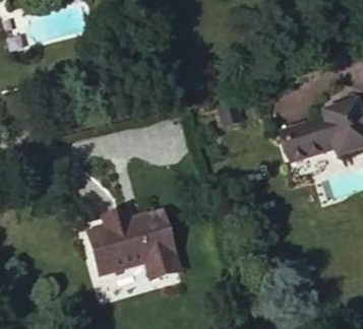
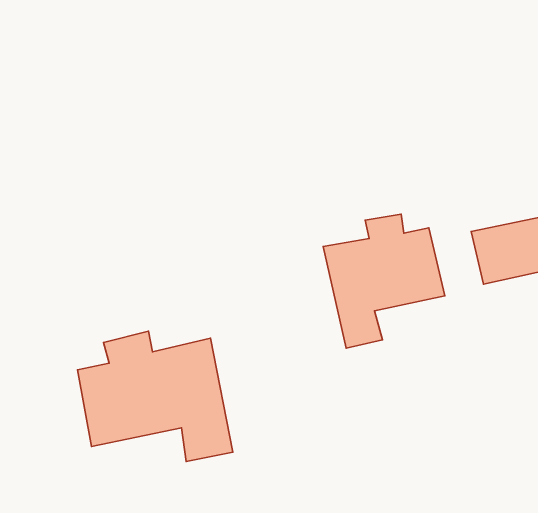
building: none -> [323,214,445,348]

